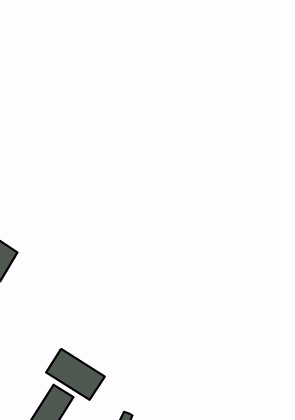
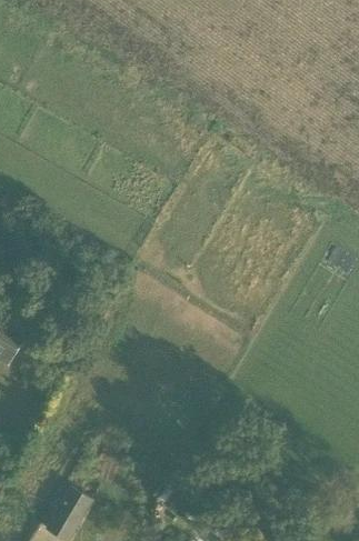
building: [46,349,105,400] -> none

